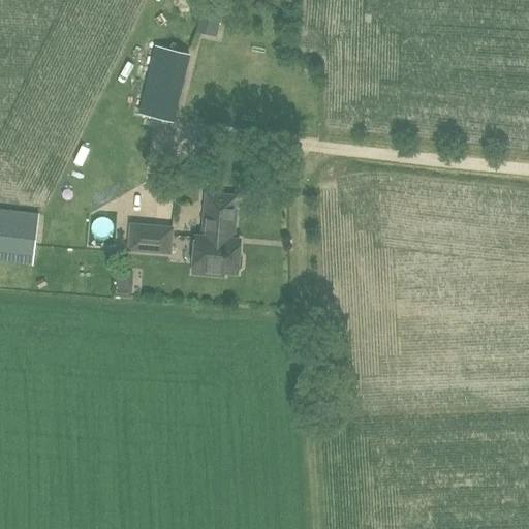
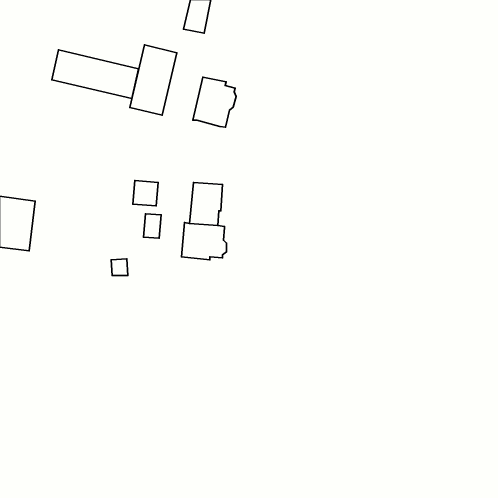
building: none -> [52,50,139,98]
building: none -> [193,77,236,127]
building: [127,224,154,251] -> [133,181,158,206]

